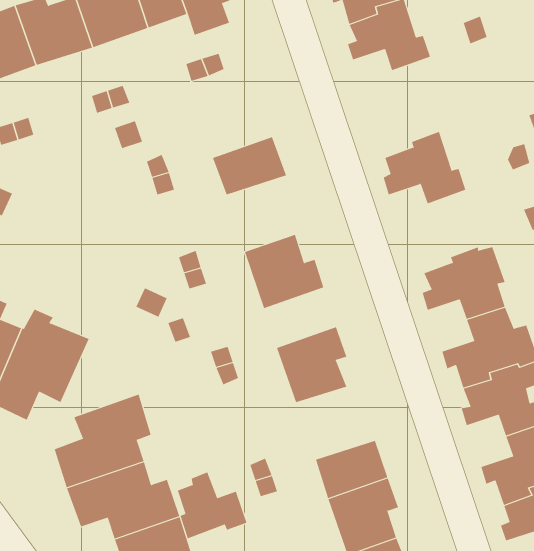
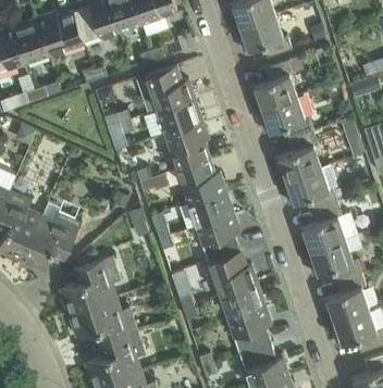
building: none -> [249,60,296,111]
building: none -> [145,65,194,111]
building: none -> [165,122,208,168]
building: none -> [273,130,320,182]
building: none -> [188,190,233,227]
building: none -> [208,251,257,296]
building: [177,472,247,539] -> none

